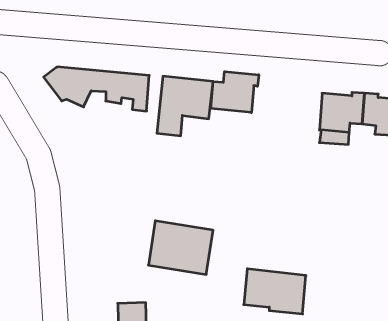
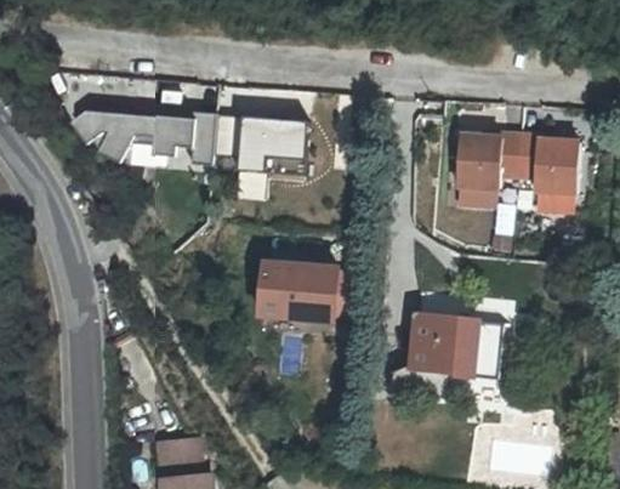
building: [211,72,259,113] -> none
building: [148,221,213,274] -> [239,254,331,330]
building: [244,269,306,314] -> [413,313,501,377]

